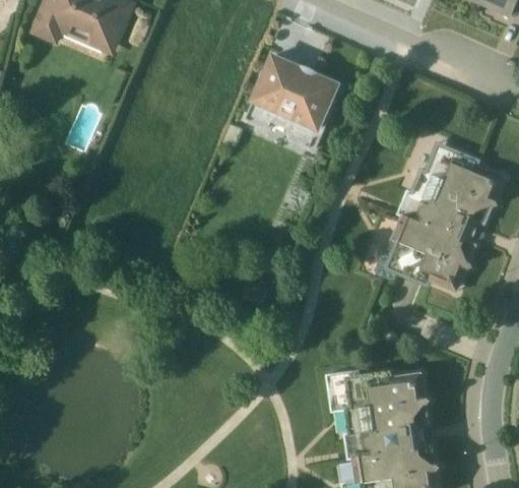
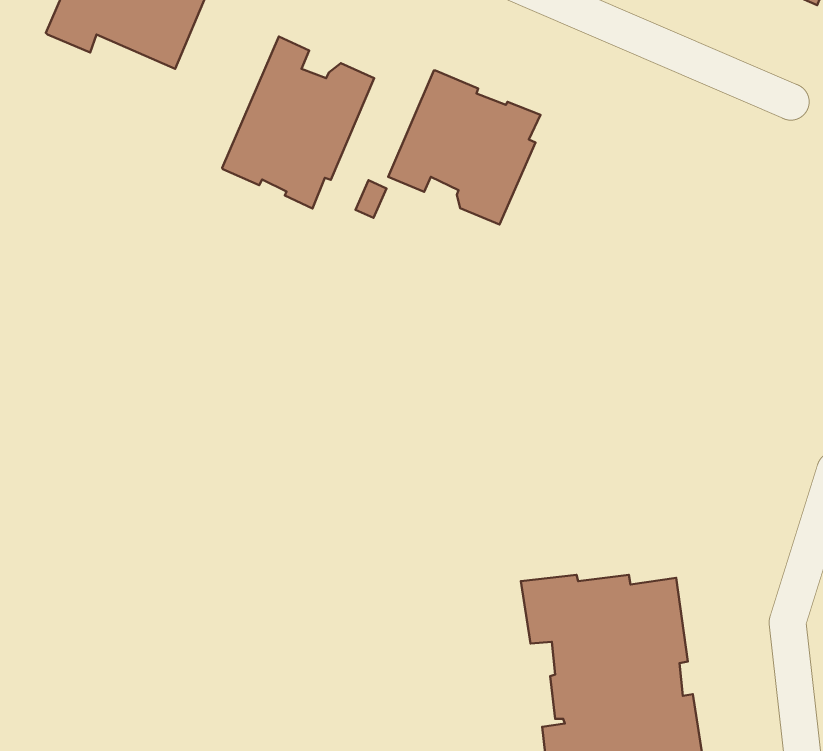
building: none -> [222,36,374,209]
building: [378,144,505,287] -> none

